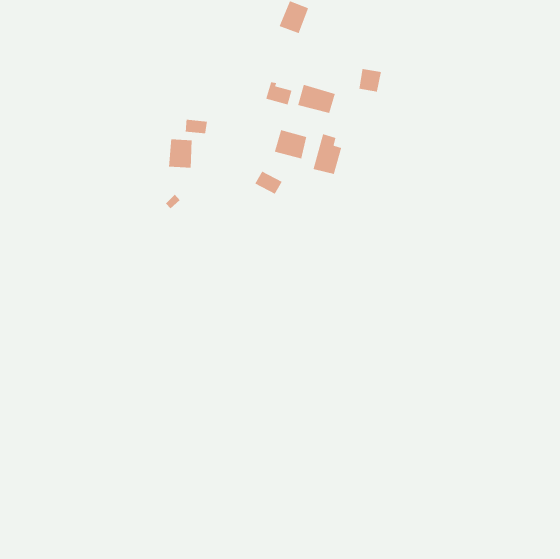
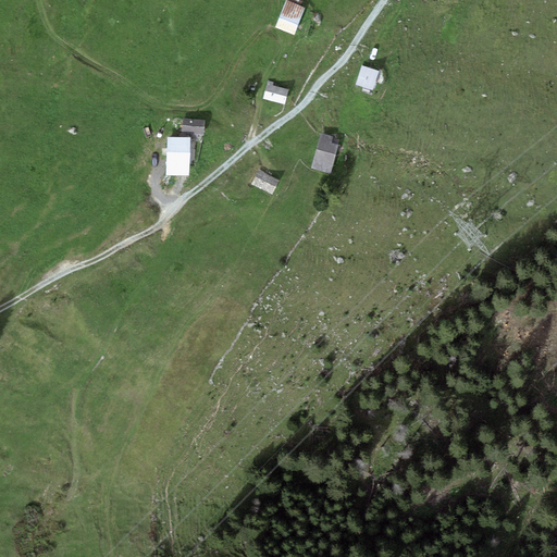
building: [297,84,336,114] -> none
building: [274,129,307,160] -> none

